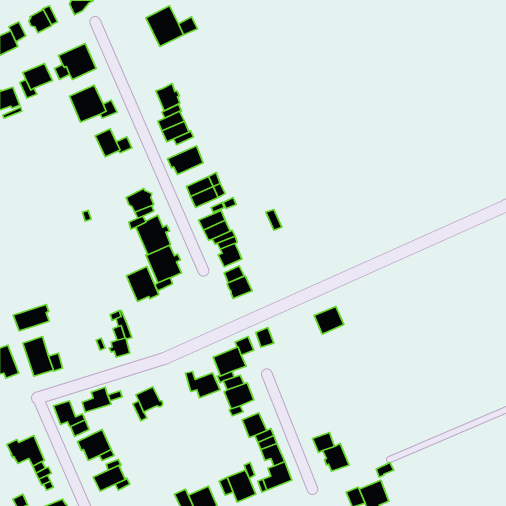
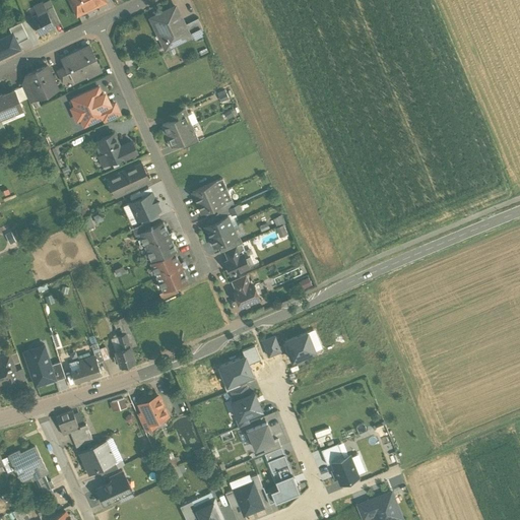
building: [156,84,180,111] -> none
building: [168,146,203,175] -> [111,164,147,193]
building: [126,266,159,302] -> none
building: [13,304,49,331] -> none
building: [314,307,344,334] -> [283,333,314,362]
building: [185,371,220,398] -> none
building: [82,387,111,412] -> [70,355,100,381]

